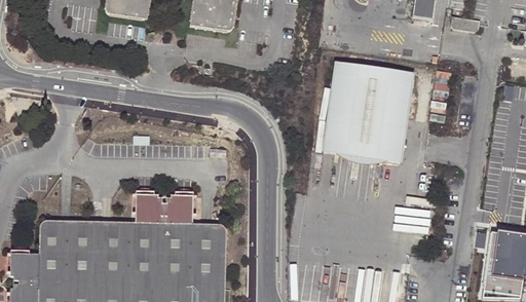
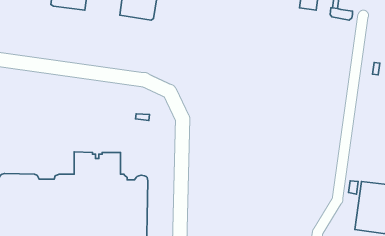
building: [325,60,412,158] -> none

